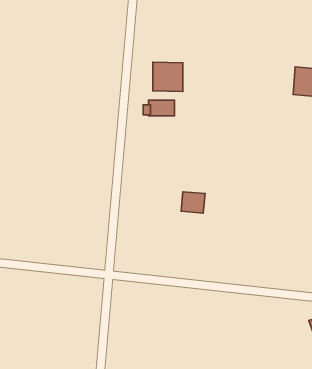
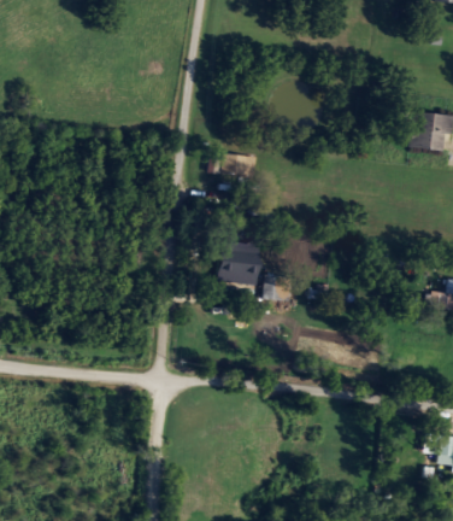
building: [153,62,183,92] -> none
building: none -> [223,245,263,277]

